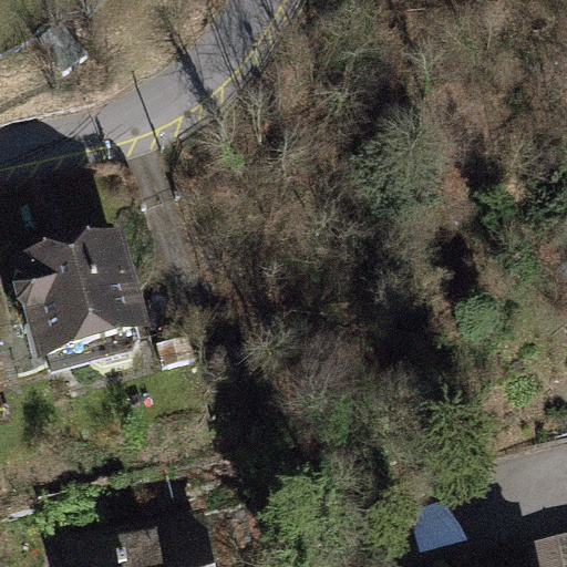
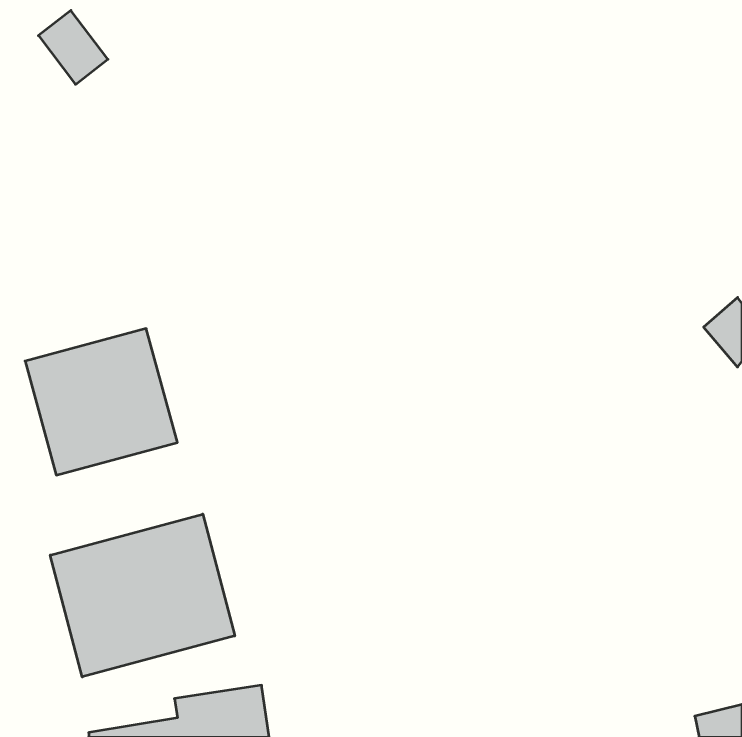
building: none -> [50,514,235,677]

